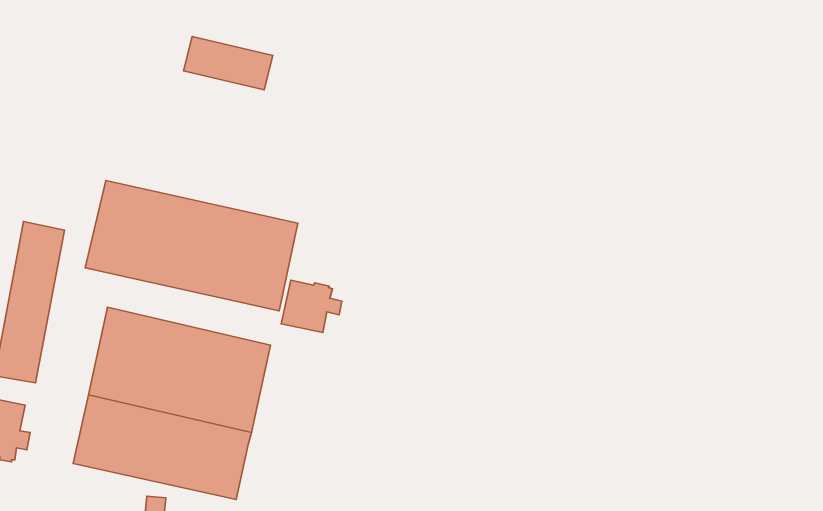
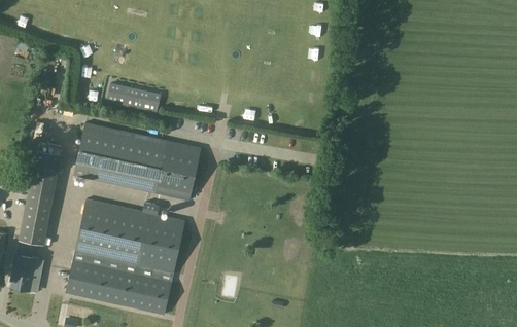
building: [183,37,273,90] -> [104,81,158,113]
building: [281,280,342,333] -> none

